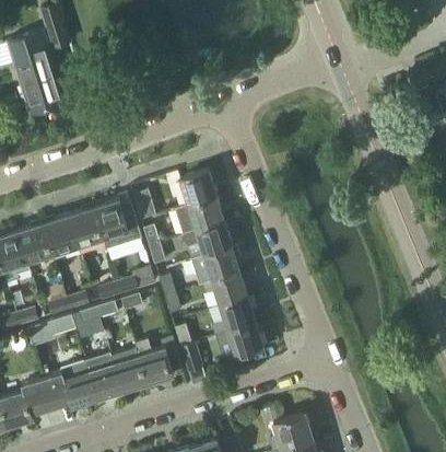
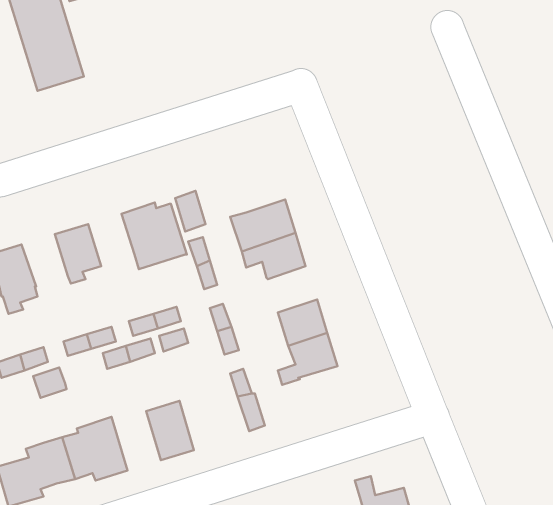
building: [179,172,216,207] -> none
building: [68,208,103,247] -> none
building: [17,223,52,263] -> none
building: [191,247,240,286] -> none
building: [226,323,263,358] -> none
building: [134,337,183,386] -> none
building: [85,354,122,402] -> none

